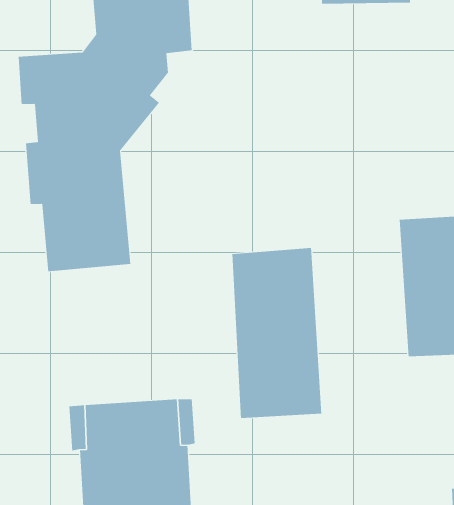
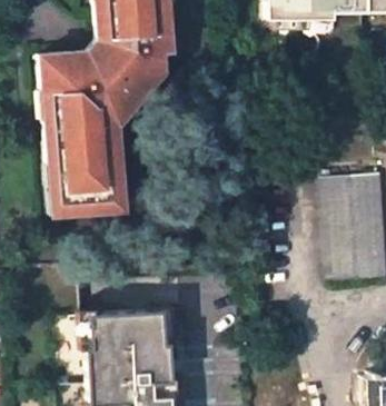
building: [232,247,322,419] -> none

